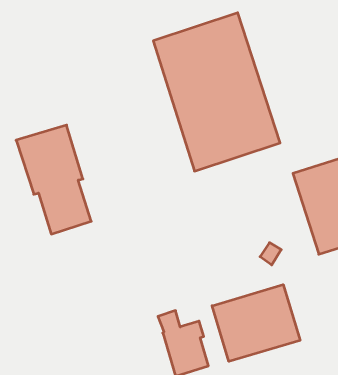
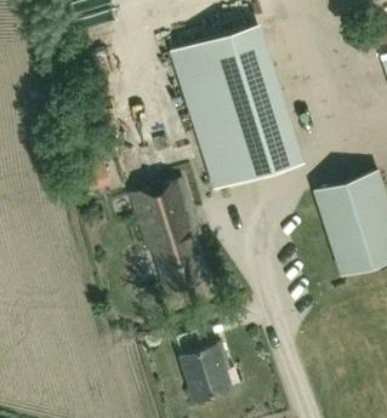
building: [16,125,91,234] -> [131,181,209,293]
building: [212,285,300,361] -> none

